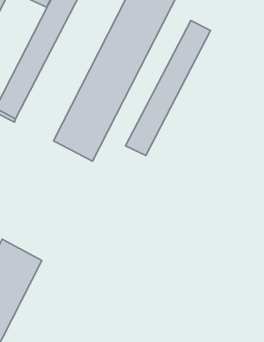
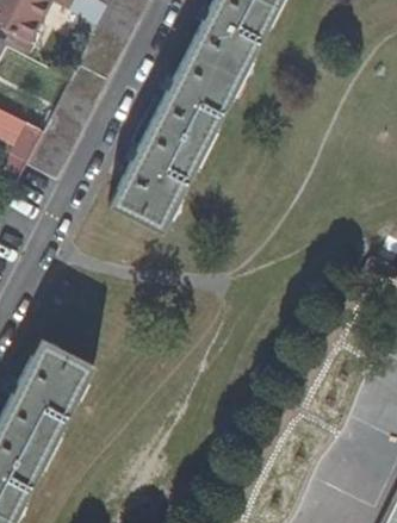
building: [126,20,210,156] -> none

